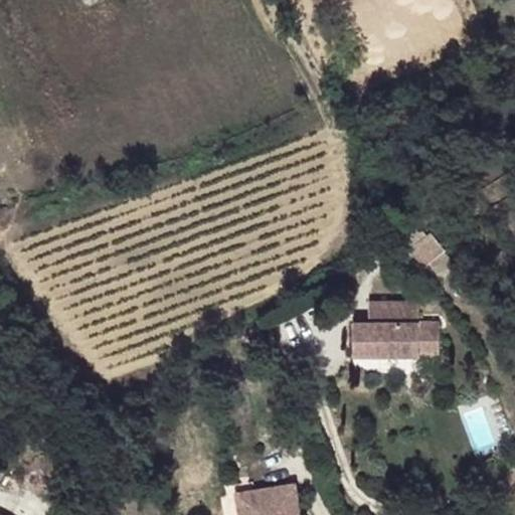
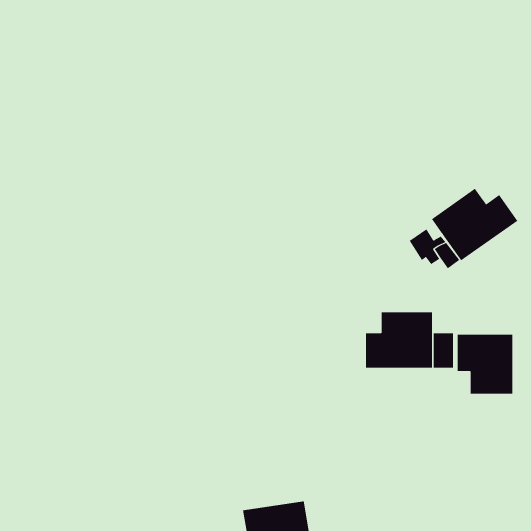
building: none -> [431,188,518,261]
building: none -> [457,334,513,394]

